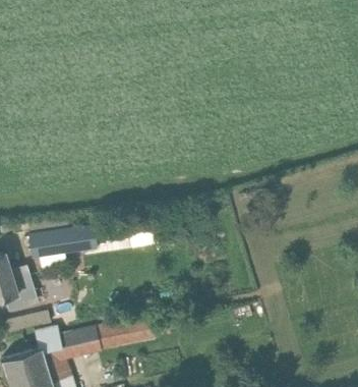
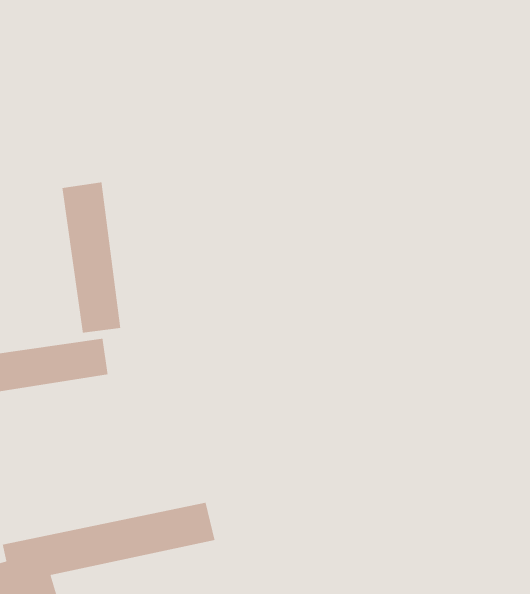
building: none -> [61,182,121,334]

